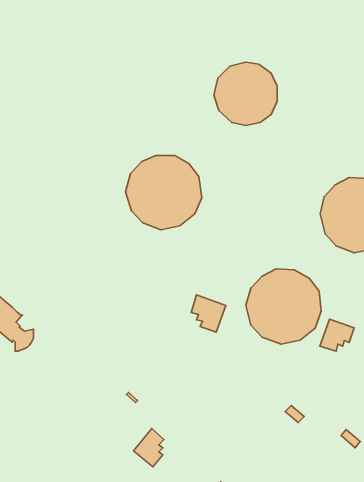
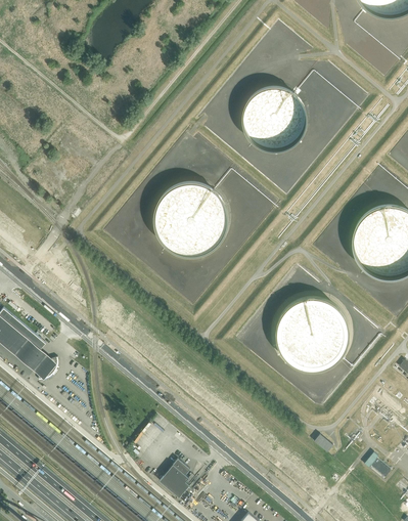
building: [191,295,226,332] -> none
building: [320,319,354,351] -> none

